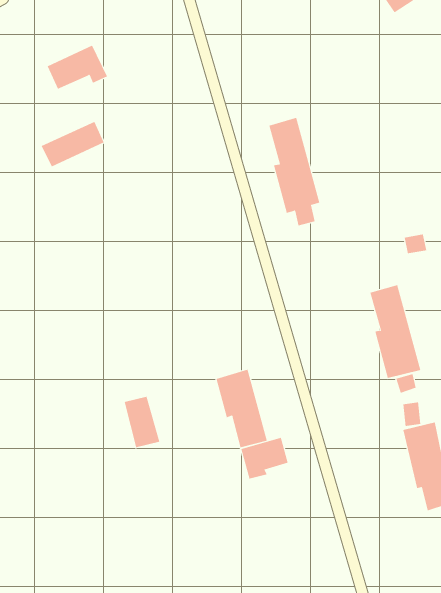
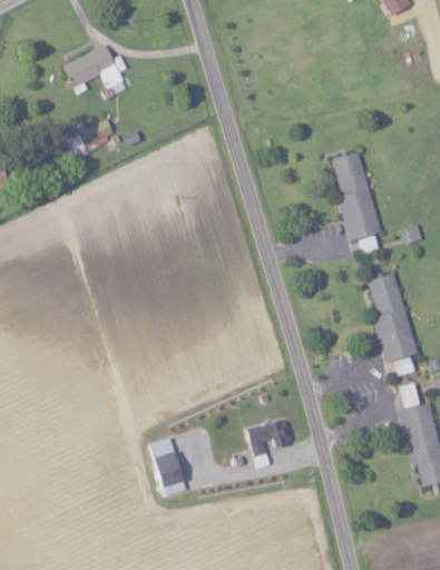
building: [269,117,320,226] -> [333,149,382,253]
building: [216,369,267,448] -> none
building: [124,396,160,448] -> [148,438,183,487]

